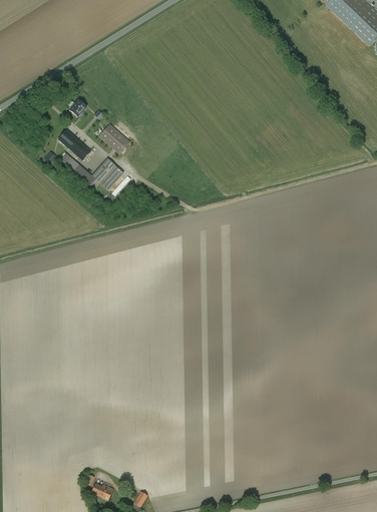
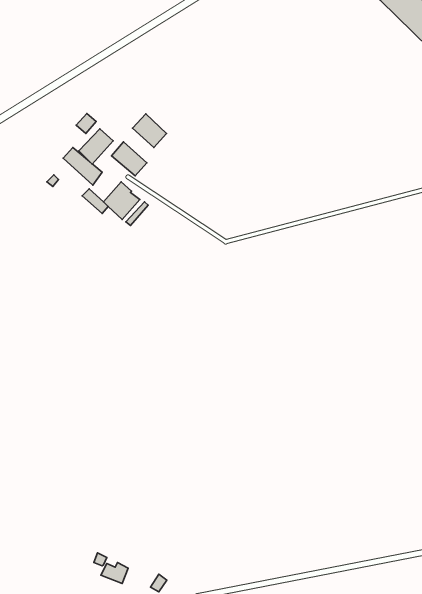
building: none -> [132,114,166,148]
building: none -> [79,129,113,164]

